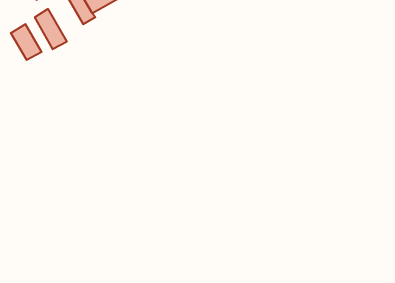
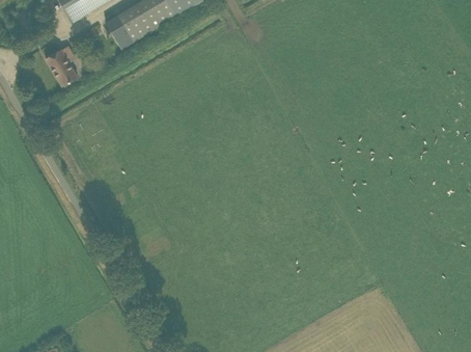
building: [35,9,67,49] -> none

